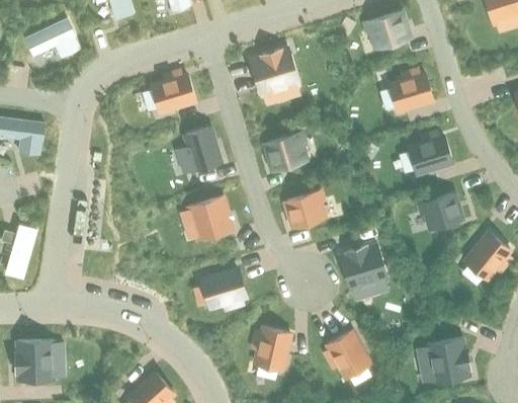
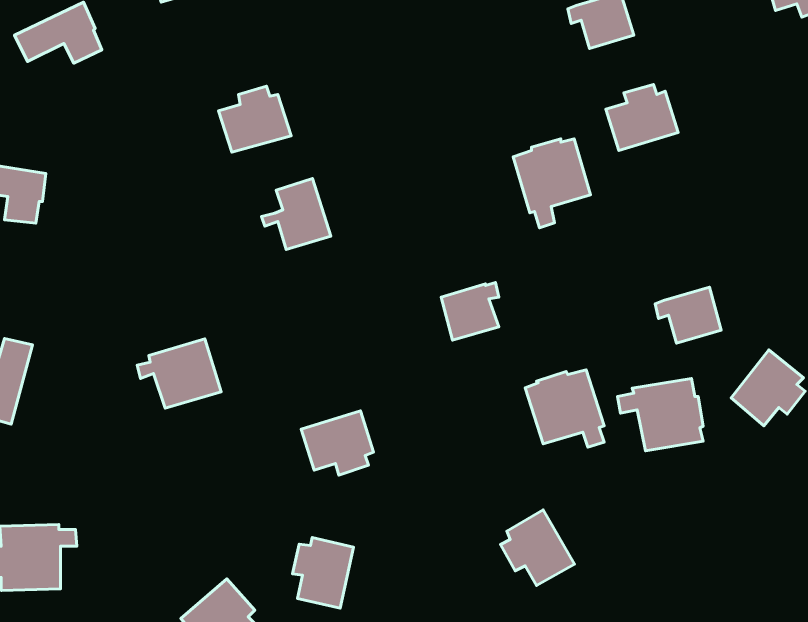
building: [251,50,298,104] -> [513,139,591,228]
building: [408,133,452,173] -> none
building: [267,134,304,169] -> none
building: [181,196,233,239] -> [137,339,221,408]
building: [252,327,289,371] -> [292,537,353,608]
building: [417,338,469,383] -> [617,378,703,451]

